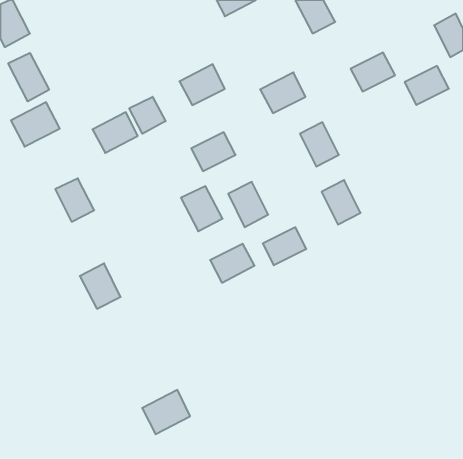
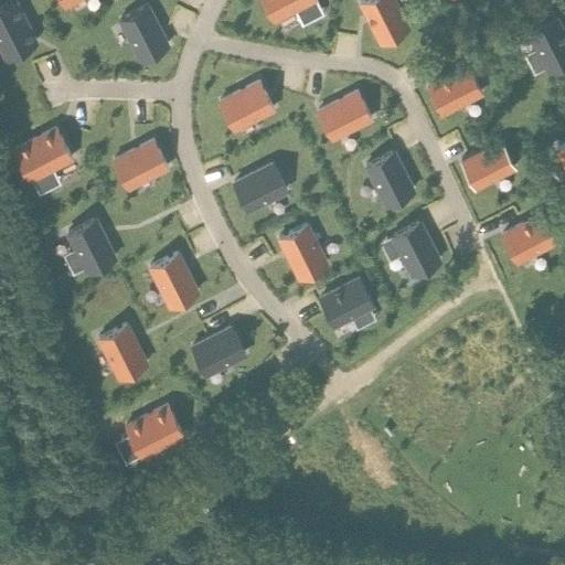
building: none -> [119,9,168,63]
building: [8,53,49,101] -> none
building: [405,66,449,105] -> [460,143,514,191]
building: [129,97,166,134] -> none
building: none -> [502,216,556,265]
building: [181,186,223,231] -> [148,255,199,310]
building: [210,244,255,283] -> [191,330,245,377]
building: [142,390,190,434] -> [125,406,183,460]

